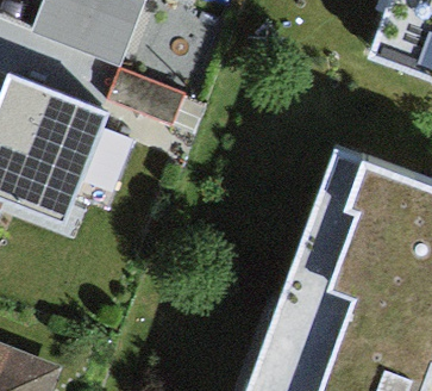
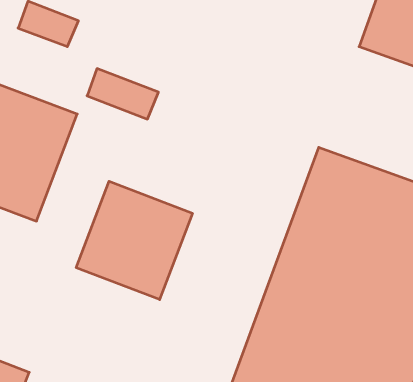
building: none -> [76,181,192,300]

